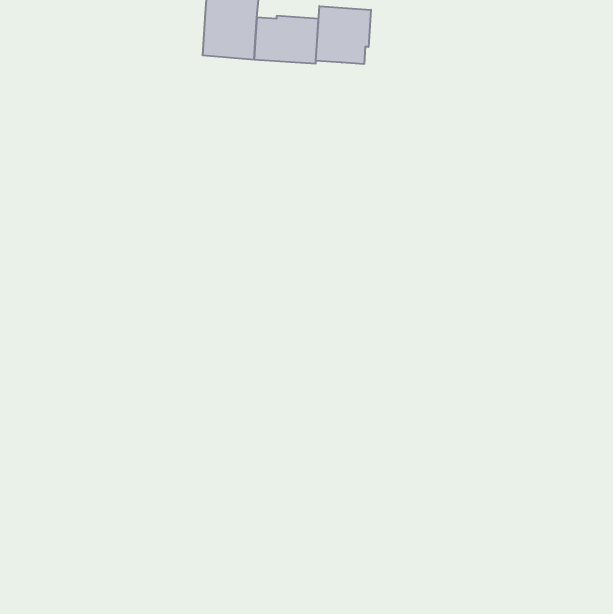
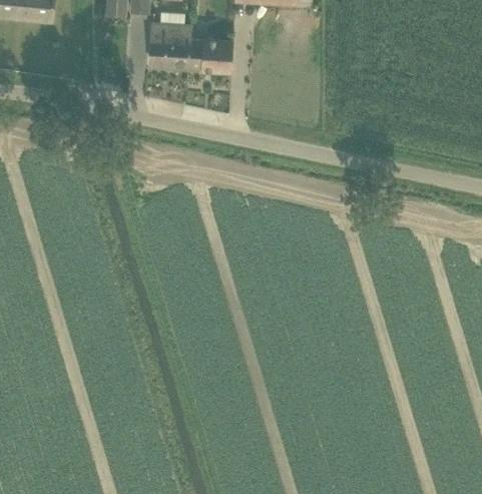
building: [316,6,371,64] -> none

